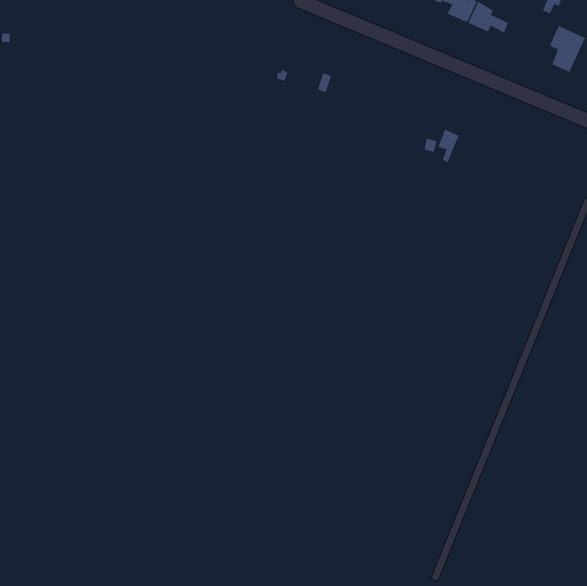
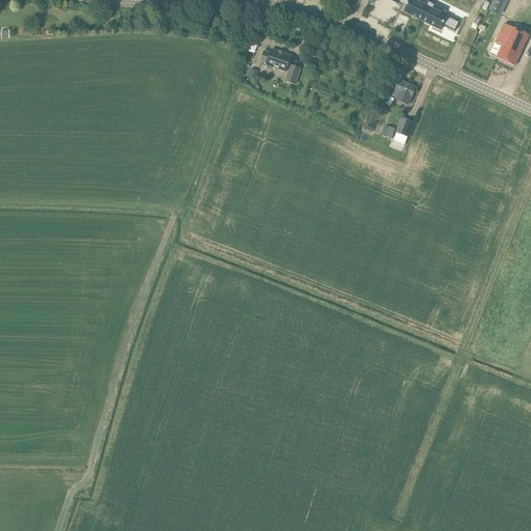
building: none -> [261,50,291,71]
building: none -> [388,77,416,104]

